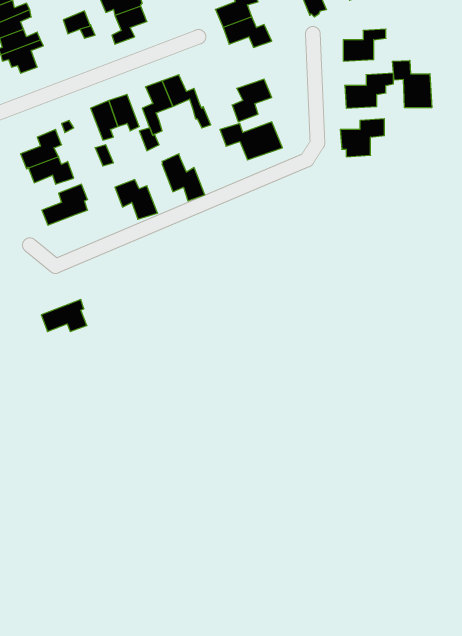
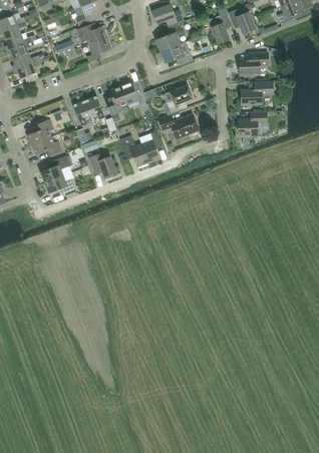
building: [392,60,432,108] -> none
building: none -> [141,130,164,161]
building: [41,300,87,332] -> [45,171,75,192]

